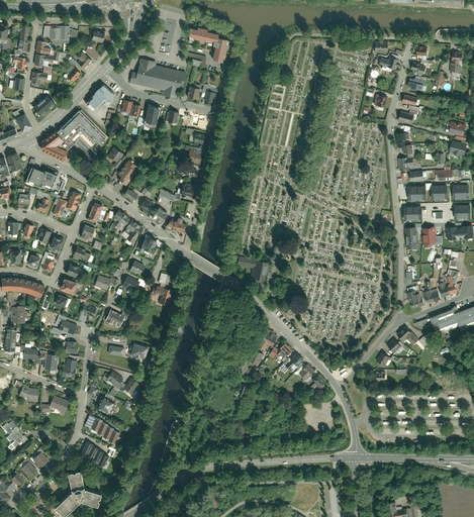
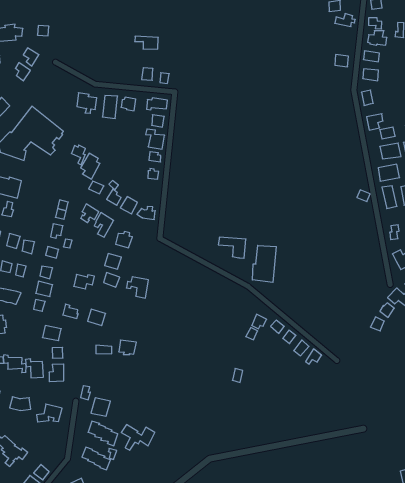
building: [187,26,227,62] -> none
building: [131,60,187,99] -> none
building: [84,83,113,111] -> none
building: [54,191,83,219] -> none
building: none -> [252,245,276,282]
building: [108,373,140,398] -> [121,425,155,450]

